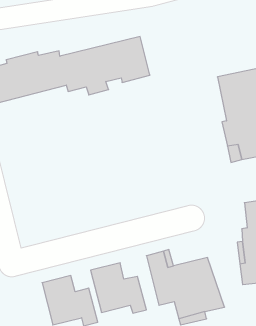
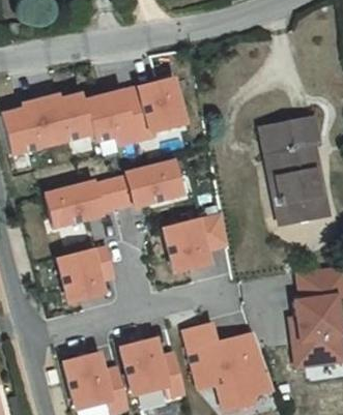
building: none -> [46,162,180,227]
building: none -> [163,212,227,271]
building: none -> [57,244,116,301]

